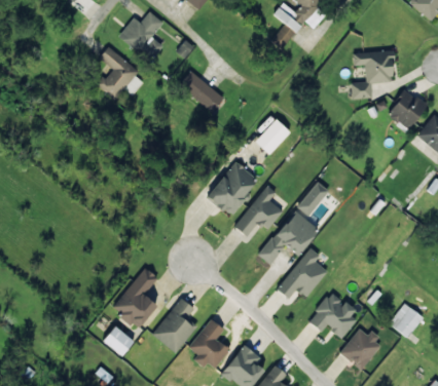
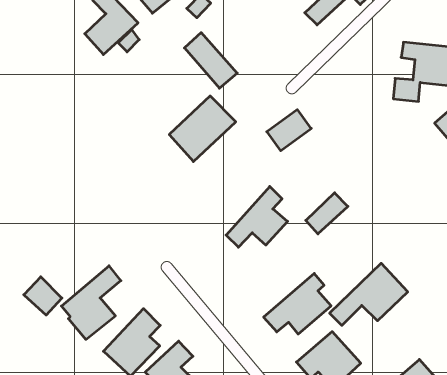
building: [207,161,258,216] -> [169,96,236,162]
building: [259,209,319,264] -> [330,263,408,325]
building: [103,325,134,355] -> [24,277,62,315]

